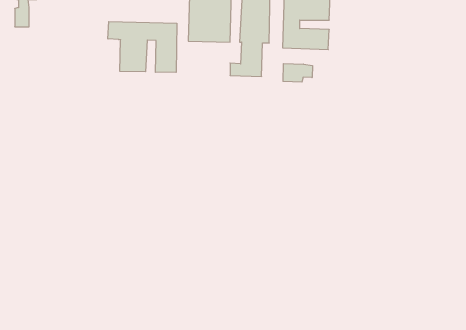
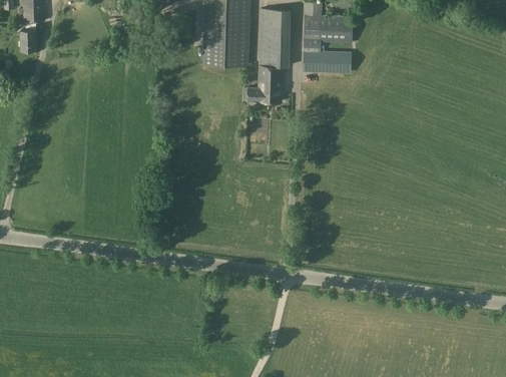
building: [108,22,177,72] -> none
building: [283,64,312,82] -> none

